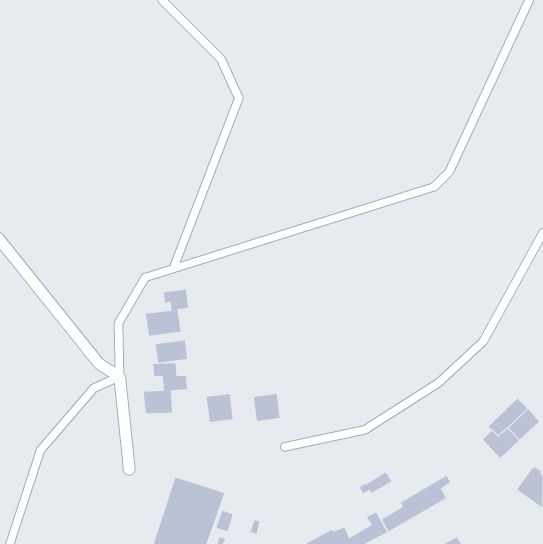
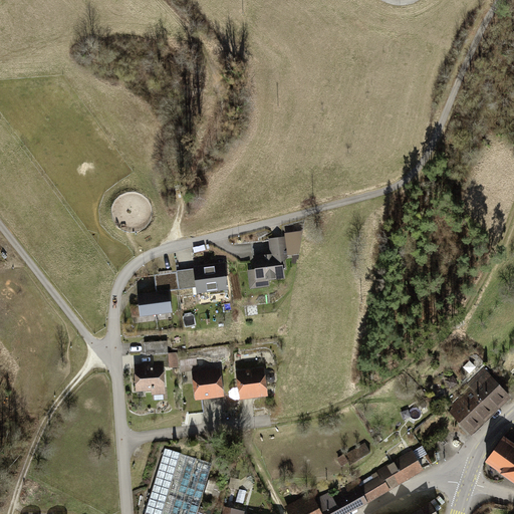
building: none -> [253,236,301,281]
building: none -> [194,266,226,293]
building: [155,340,188,363] -> none

